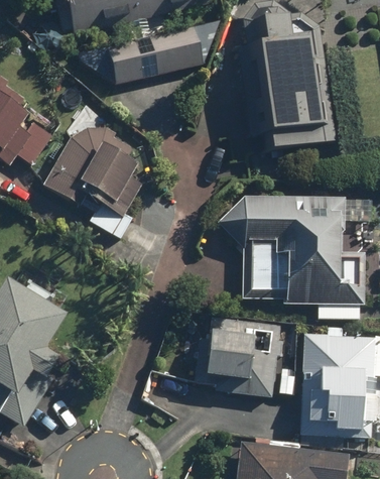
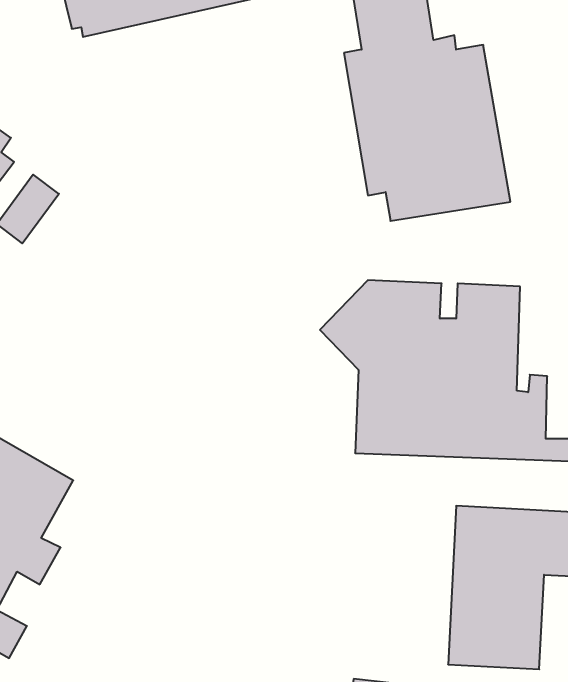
building: [110,27,205,84] -> none
building: [42,126,143,220] -> none
building: [192,316,284,400] -> none

